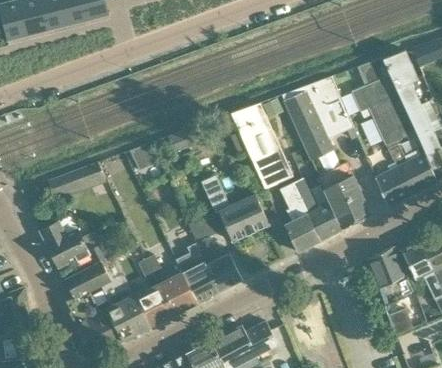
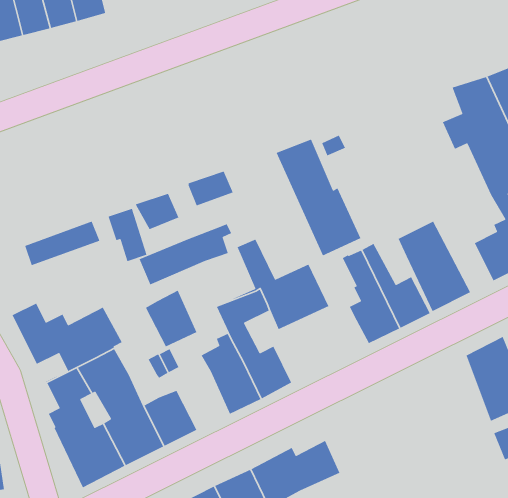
building: [281,76,353,160] -> none
building: none -> [138,223,232,286]
building: [159,272,197,314] -> [145,289,198,348]

